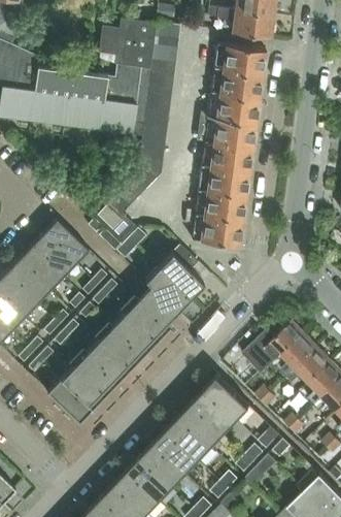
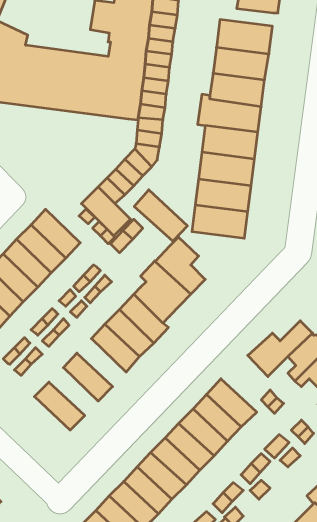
building: none -> [134,190,187,241]
building: [86,338,131,383] -> none
building: [60,365,105,410] -> none

